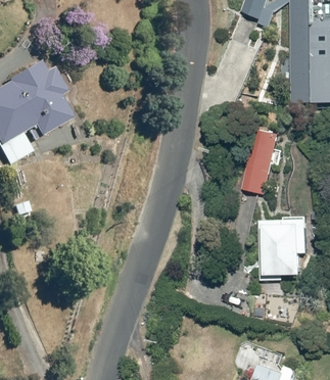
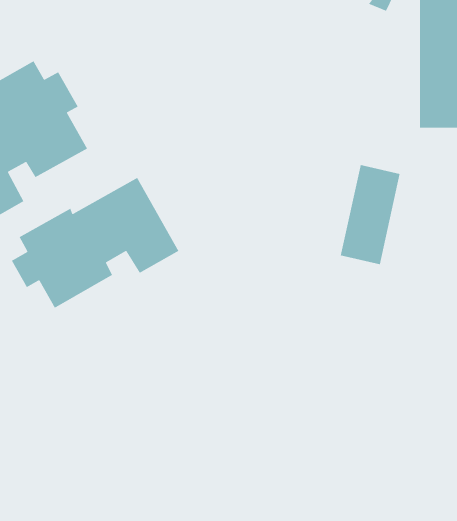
building: none -> [11,177,179,309]
building: [257,217,307,275] -> none

